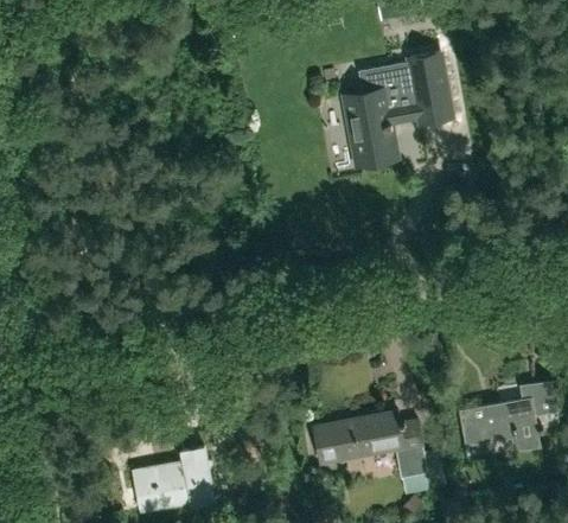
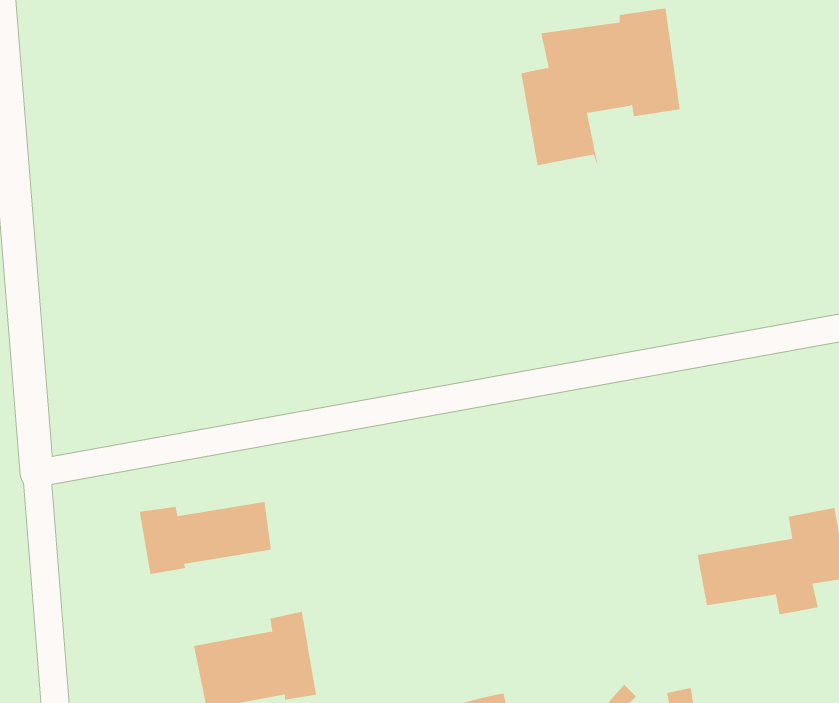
building: none -> [139,501,271,575]
building: [314,412,427,478] -> none

